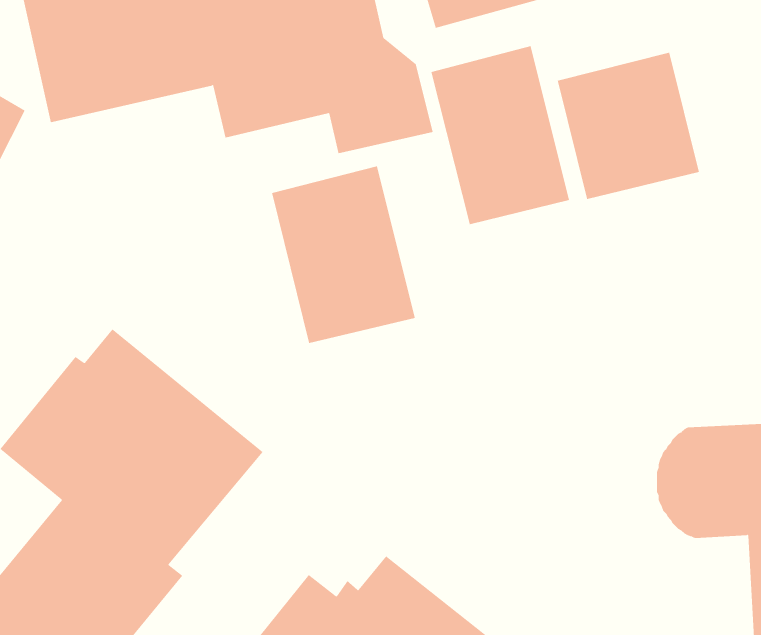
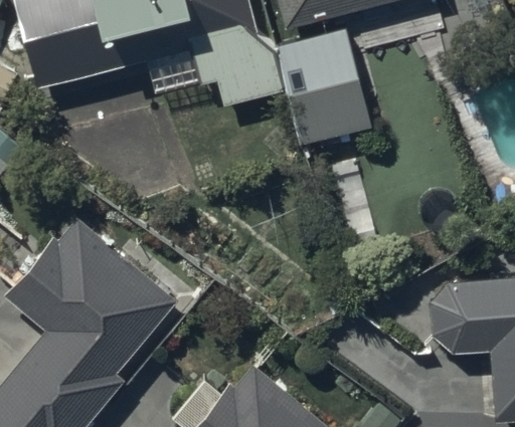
building: [557,52,700,200] -> none
building: [271,166,415,344] -> none

